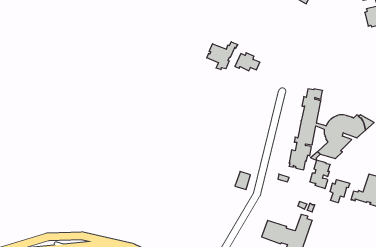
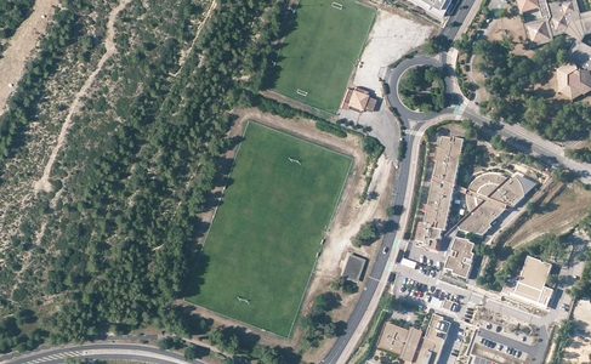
building: [207,42,238,70] -> none
building: [330,180,350,203] -> none

